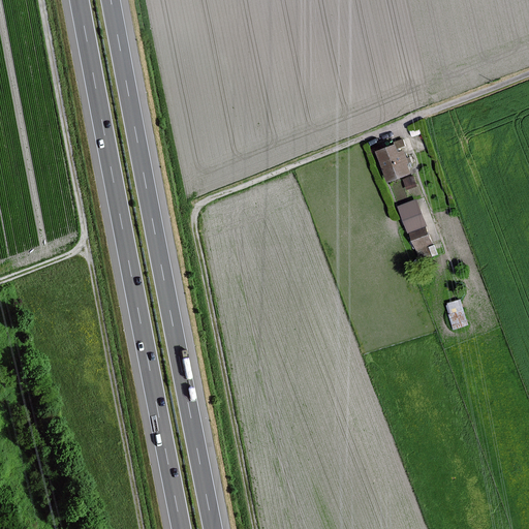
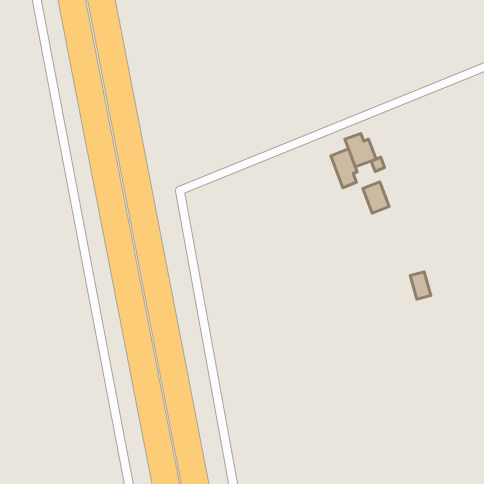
building: none -> [331,149,357,188]
building: [406,225,432,251] -> none

